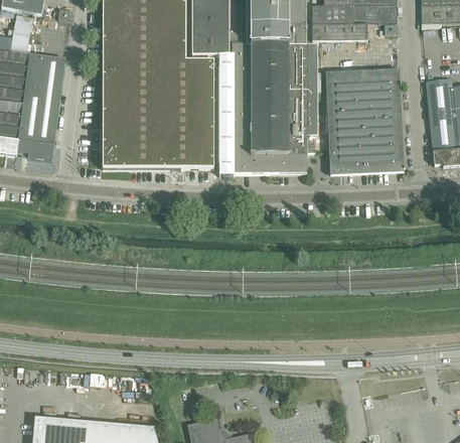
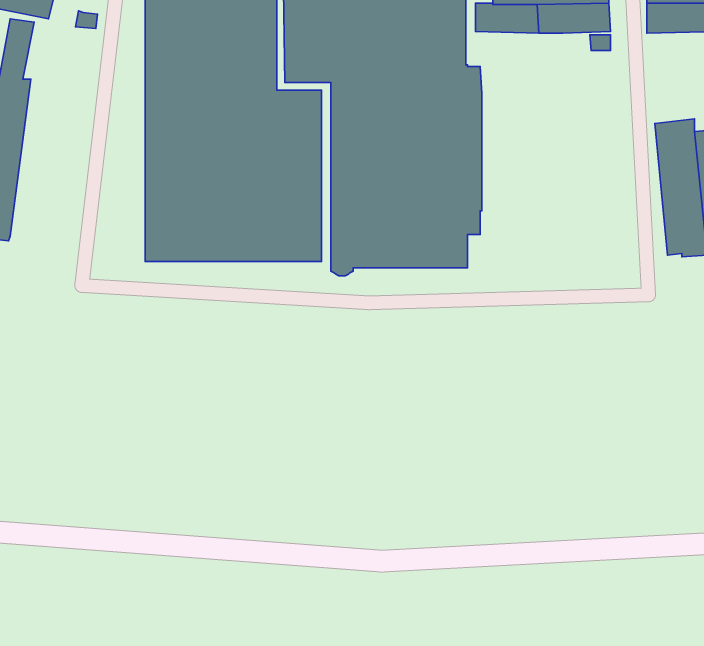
building: [312,23,367,39] -> none
building: [17,52,65,160] -> none
building: [326,68,405,174] -> none

